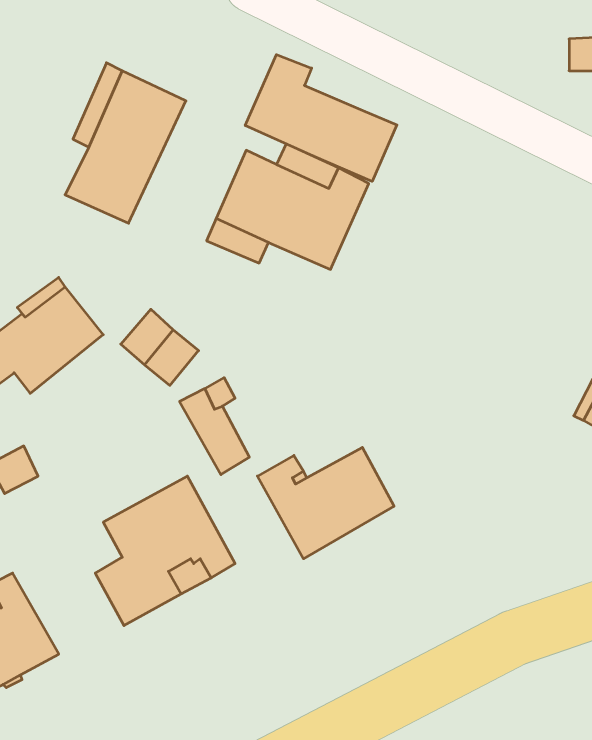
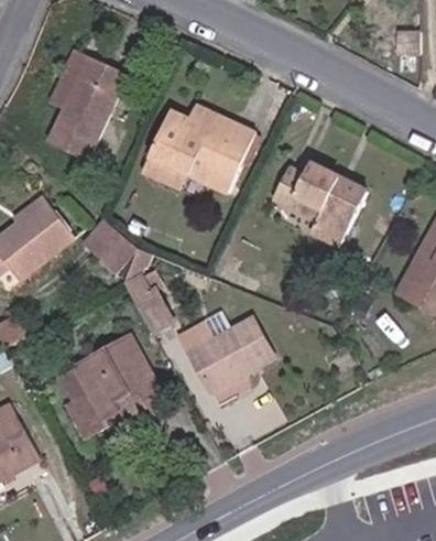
building: [245,55,397,181] -> none
building: none -> [273,161,367,245]

